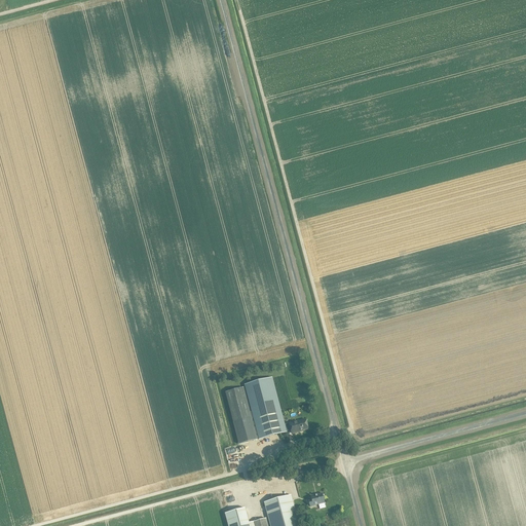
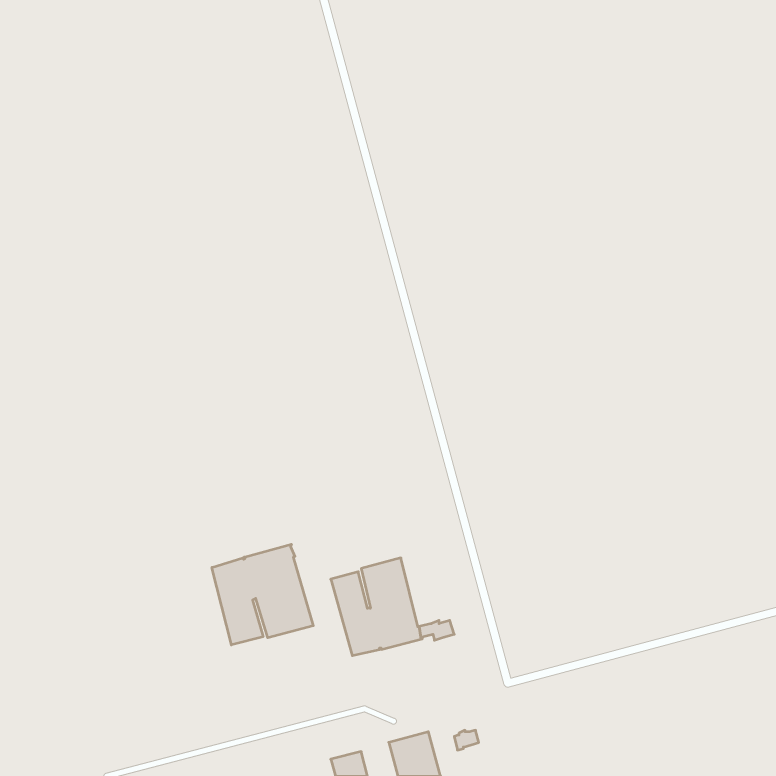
building: none -> [212,544,313,645]

